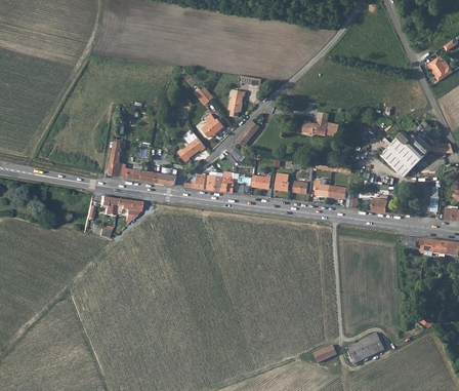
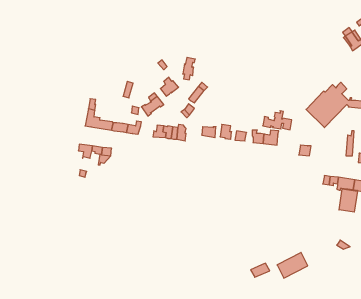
building: [302,113,338,136] -> [263,111,292,130]
building: none -> [339,189,357,212]

